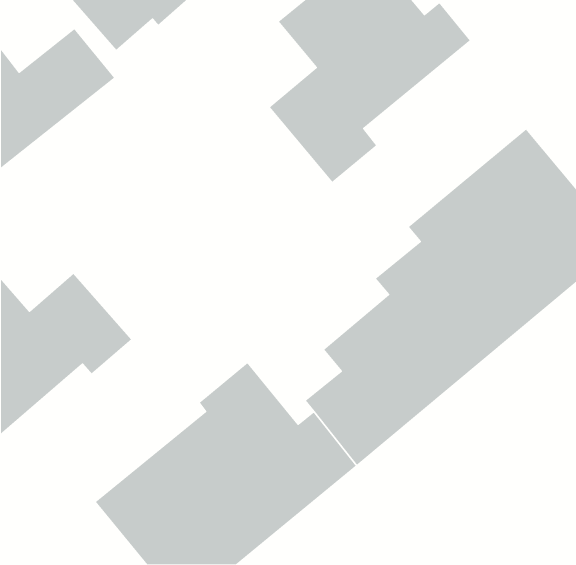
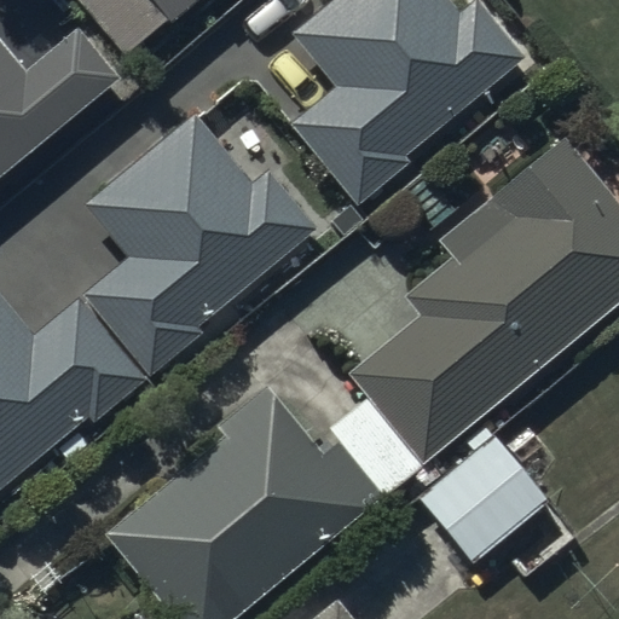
building: none -> [89,114,301,351]
building: none -> [417,435,548,565]

